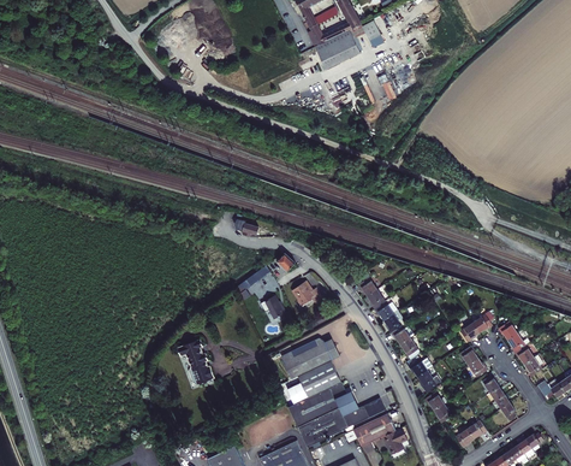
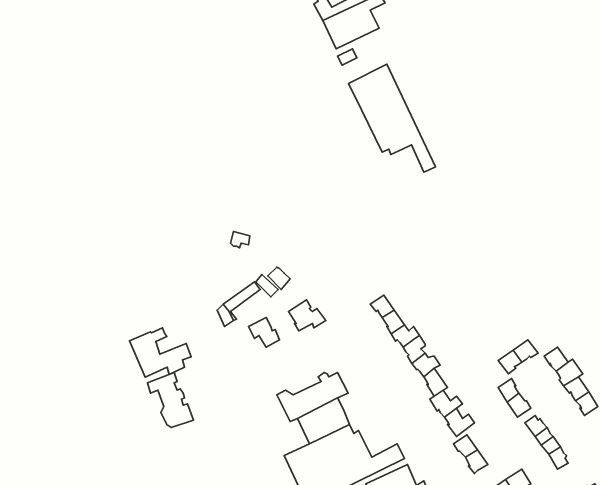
building: none -> [349,64,436,172]
building: none -> [130,328,191,377]

